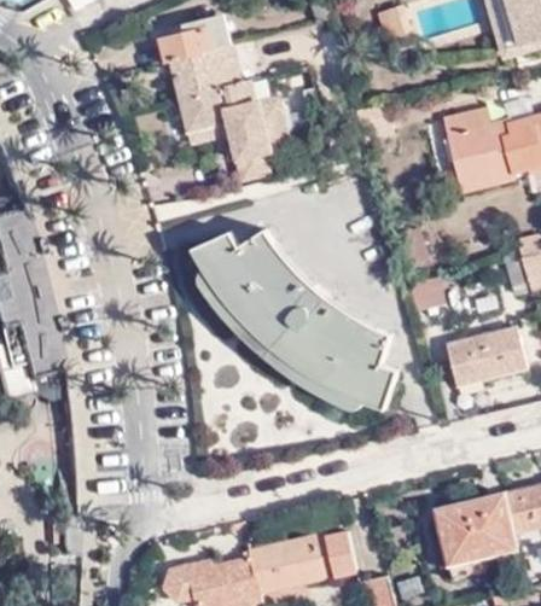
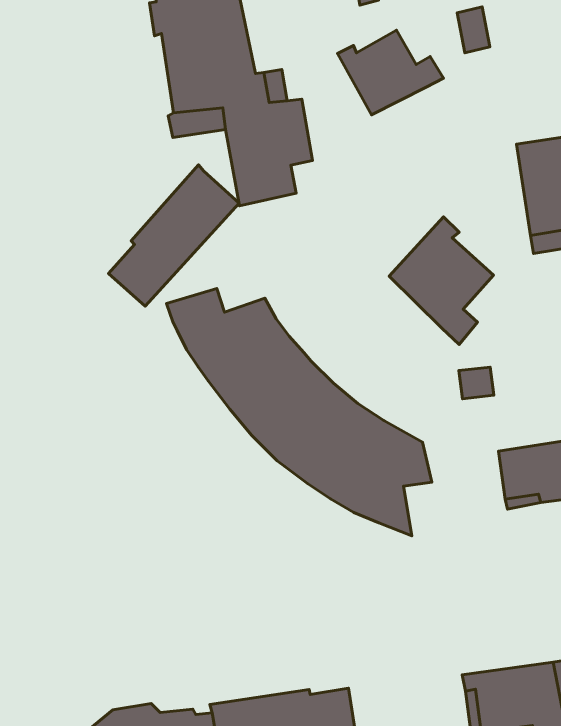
building: none -> [337,30,443,115]
building: none -> [109,165,239,306]
building: none -> [389,217,493,344]

